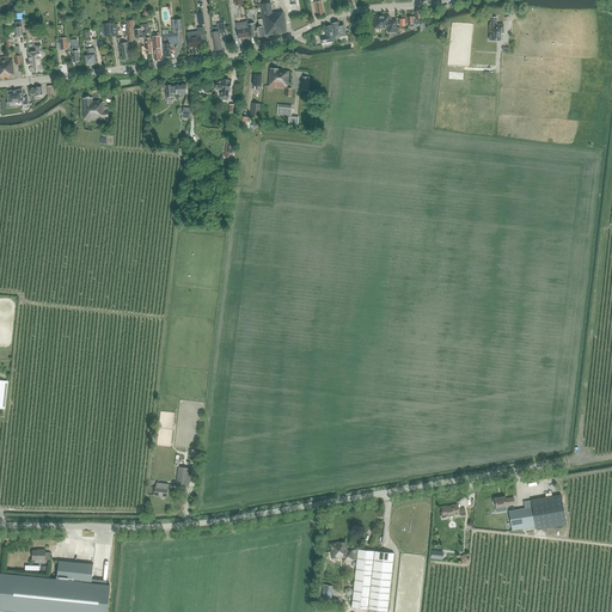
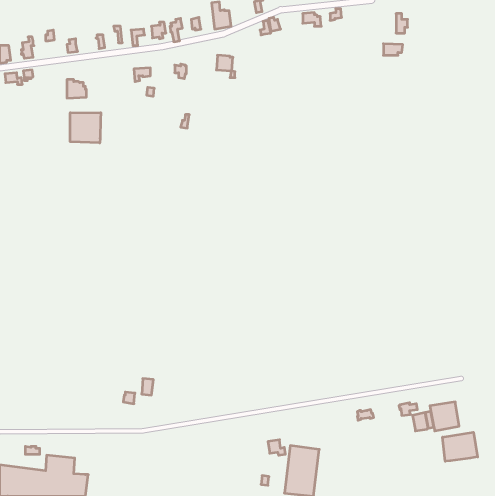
building: none -> [70,113,101,143]
building: none -> [443,432,478,461]

